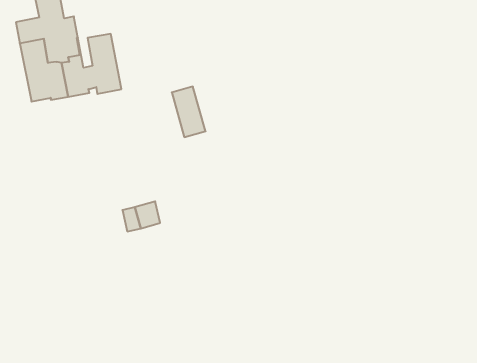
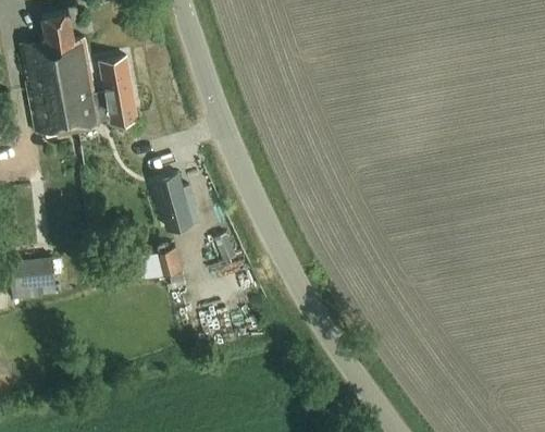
building: [172,87,206,137] -> [157,174,195,231]
building: none -> [10,258,55,289]

